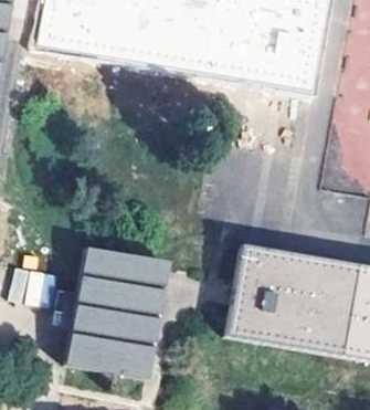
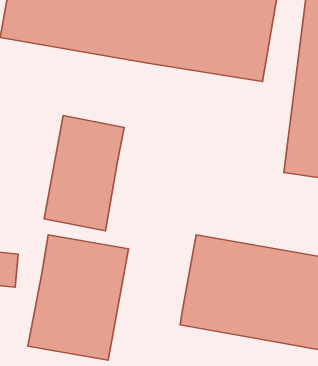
building: none -> [44,116,124,231]

